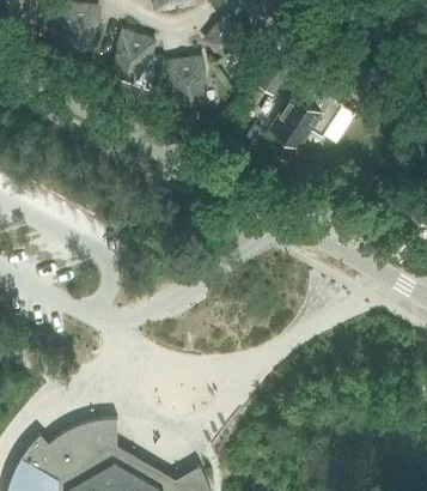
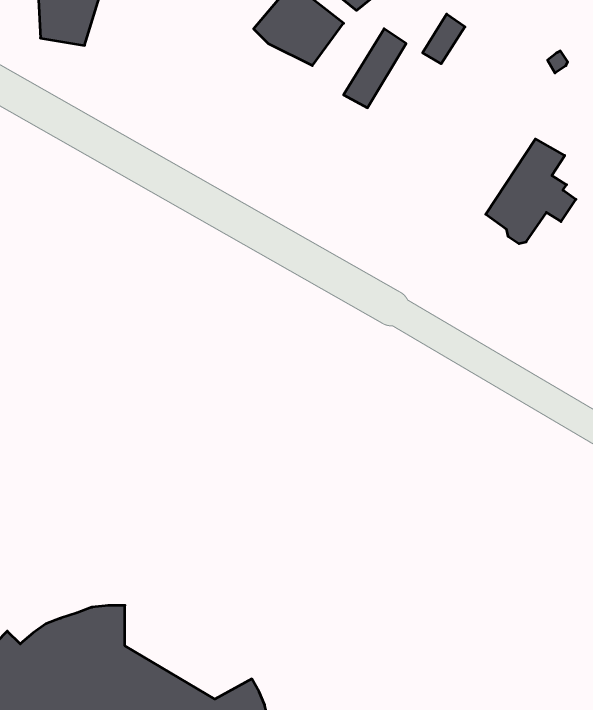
building: [111,30,157,81] -> none
building: [164,56,205,104] -> none
building: [272,79,330,147] -> [486,139,576,244]

